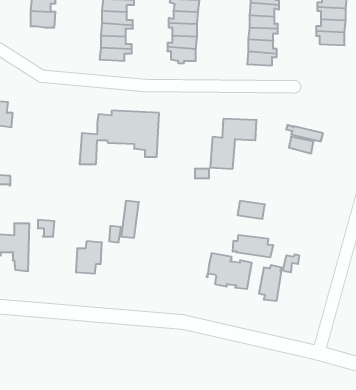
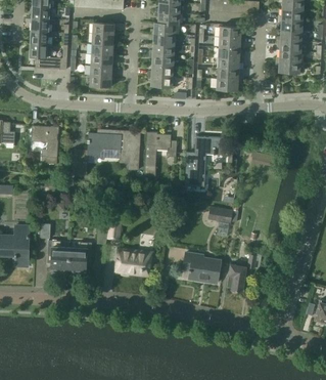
building: none -> [32,125,59,164]
building: none -> [144,131,177,175]
building: [233,235,273,257] -> none
building: none -> [48,240,71,268]
building: none -> [115,248,152,277]

